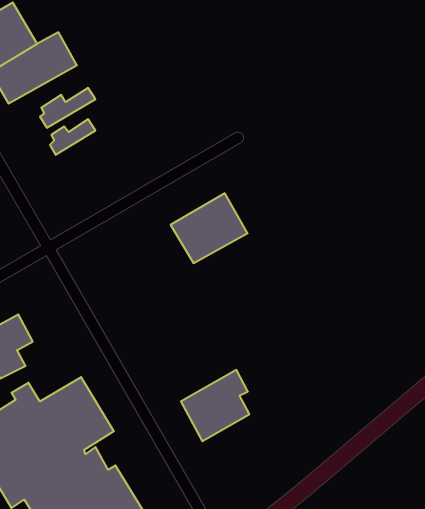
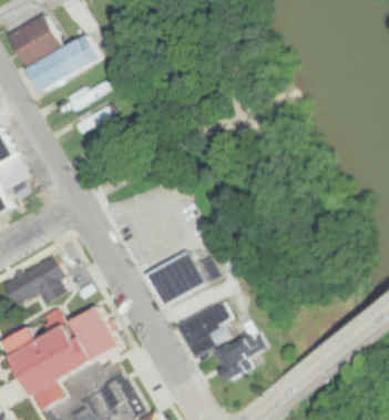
building: [171,193,248,263] -> [145,250,205,305]
building: none -> [213,326,264,380]

